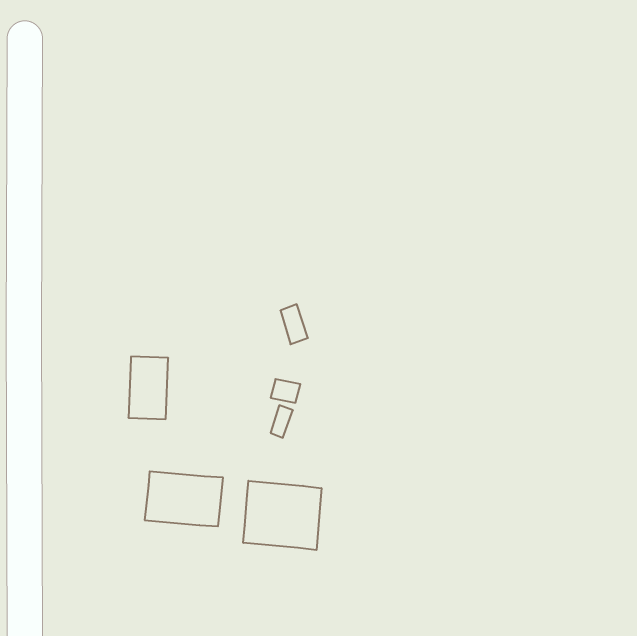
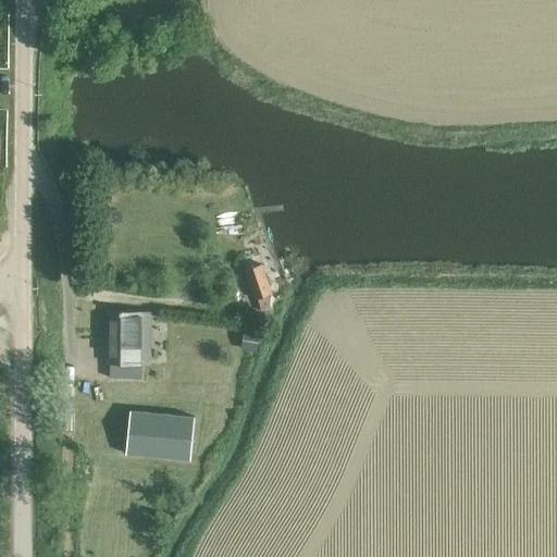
building: [243,481,321,550] -> none

